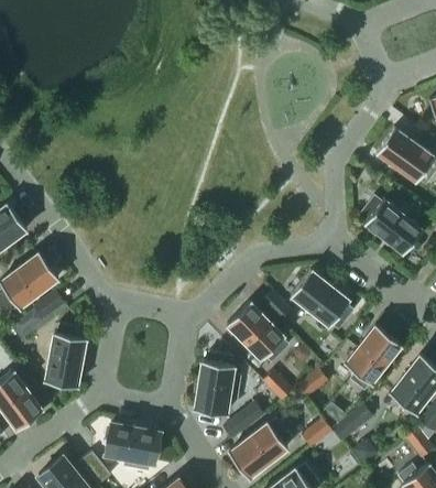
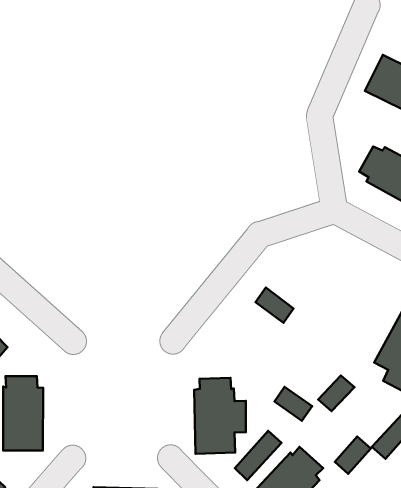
building: [290,271,352,330] -> none
building: [226,302,287,362] -> none

